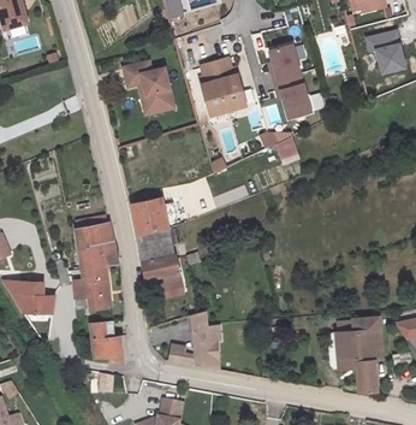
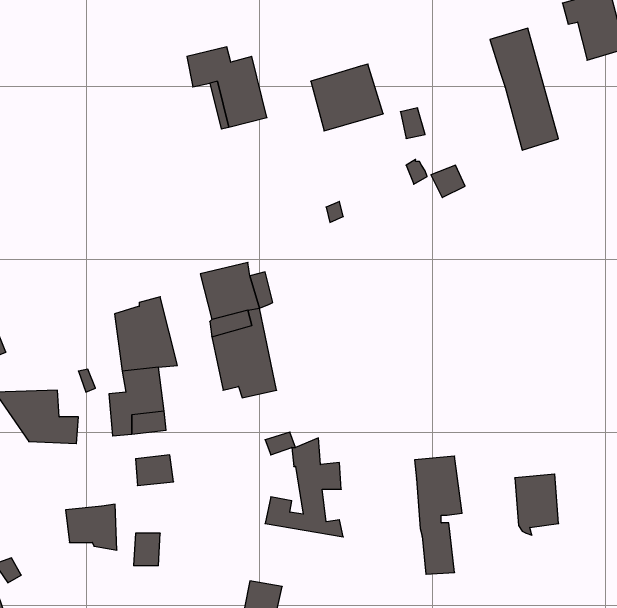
building: [268,42,311,119] -> [490,28,558,150]
building: [200,57,232,82] -> none
building: [353,317,384,391] -> [415,456,462,574]
building: [91,335,124,364] -> [66,504,117,550]

